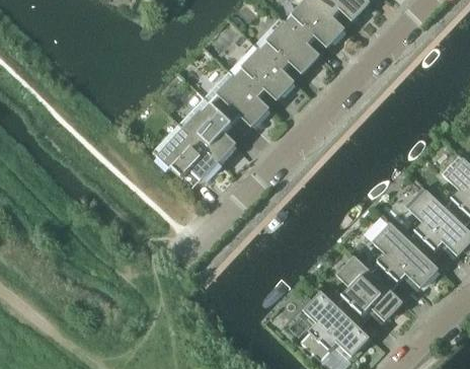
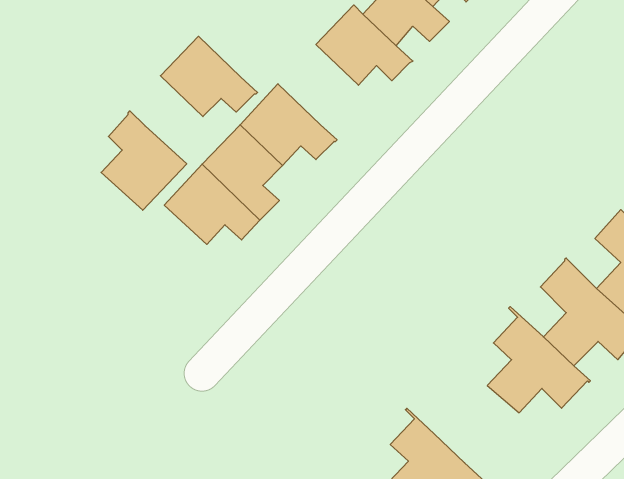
building: [231,45,296,98] -> [160,36,258,117]
building: none -> [101,111,187,210]
building: [335,253,403,324] -> none

